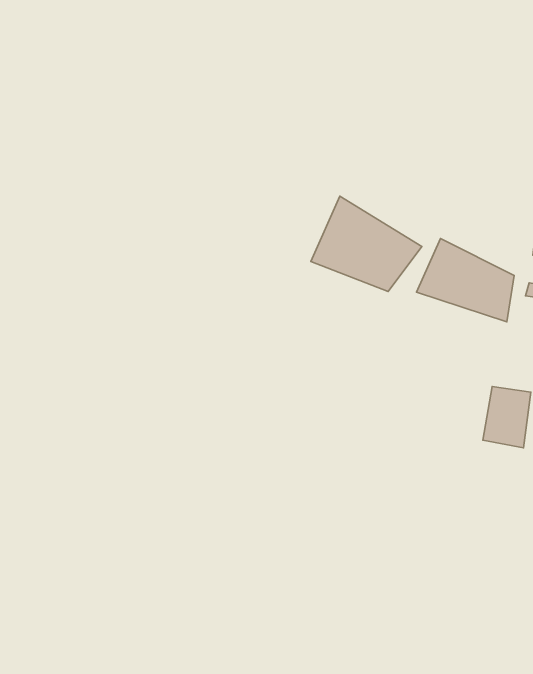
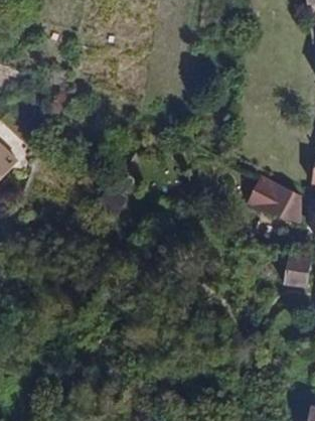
building: [311,196,422,292] -> none

